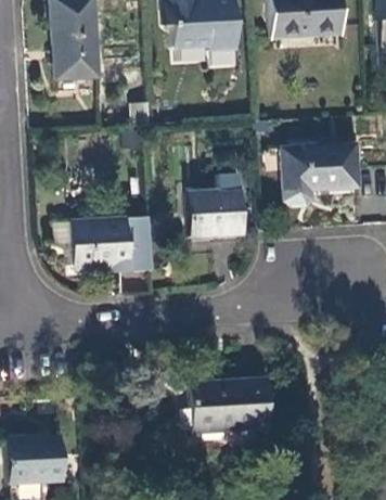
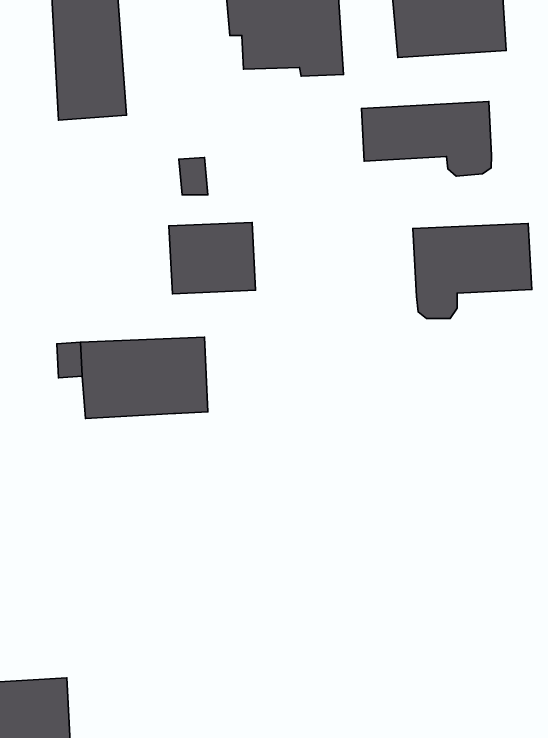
building: none -> [361,101,491,176]
building: [189,191,244,236] -> [169,223,255,294]
building: [190,380,269,433] -> none

